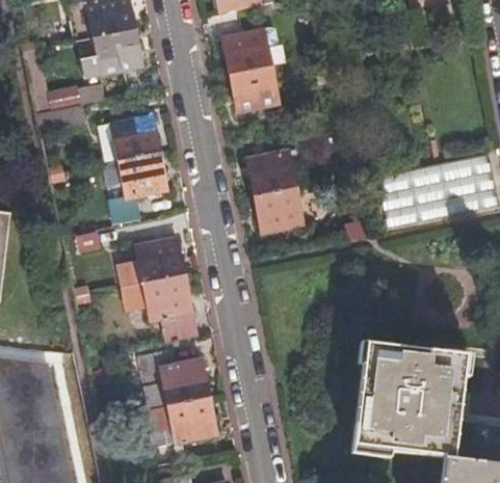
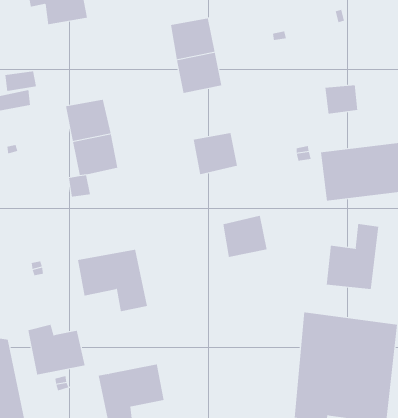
building: [89,29,142,75] -> none
building: none -> [325,85,358,115]
building: [254,186,301,231] -> [222,215,268,257]
building: [119,238,186,286] -> none
building: none -> [326,223,379,290]
building: [148,352,209,406] -> [28,324,85,375]

